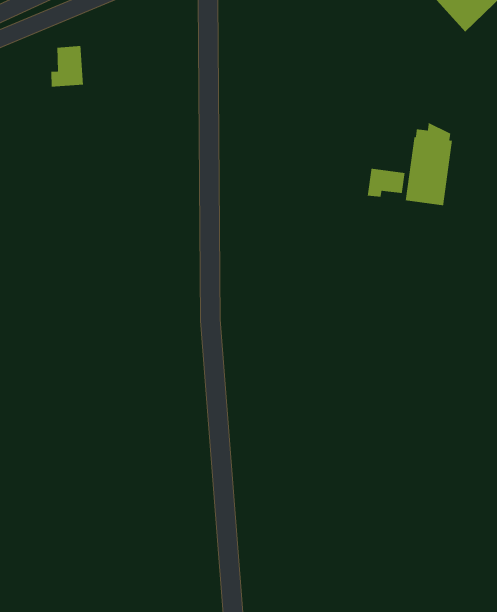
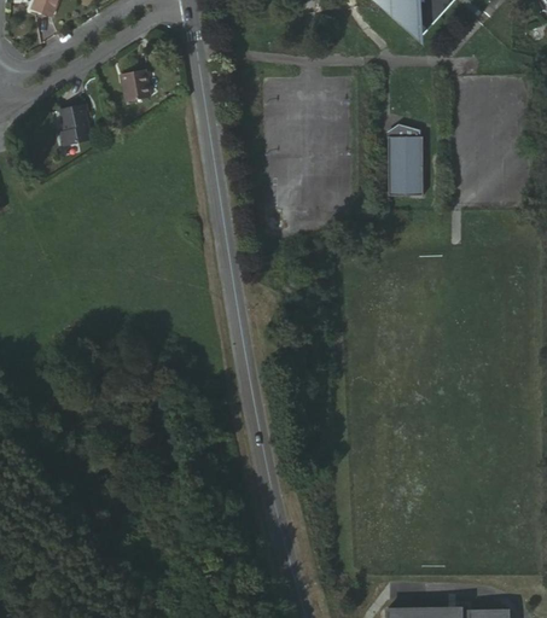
building: none -> [126,74,152,105]
building: [367,168,406,197] -> none

